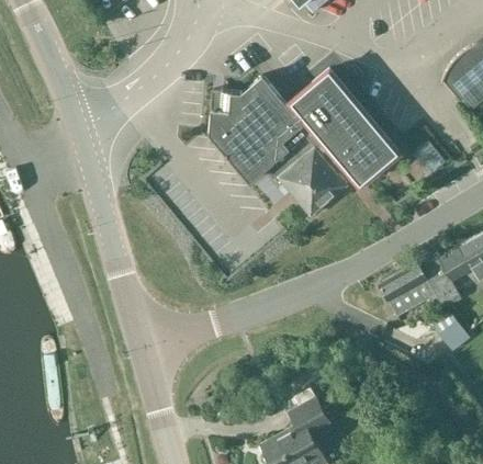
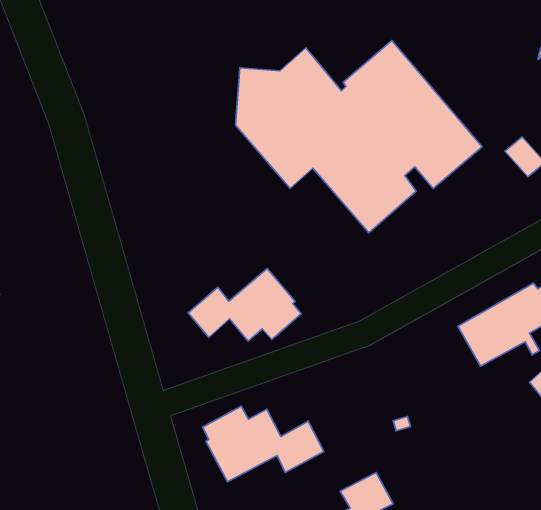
building: none -> [188,268,301,341]
building: none -> [203,406,324,482]

